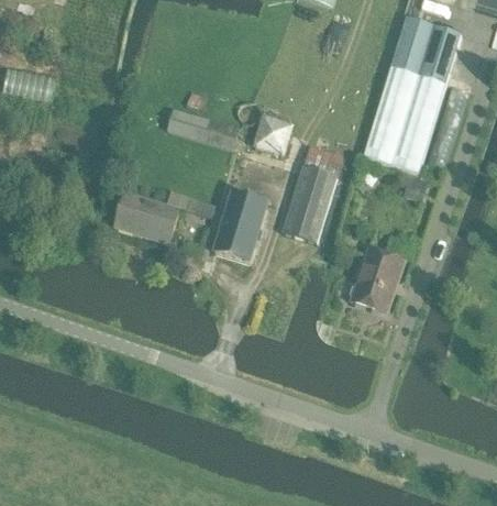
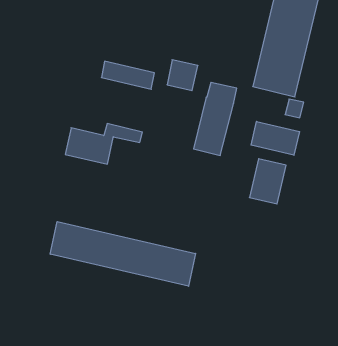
building: [214,193,267,261] -> none
building: none -> [251,121,300,155]
building: none -> [50,222,196,286]

